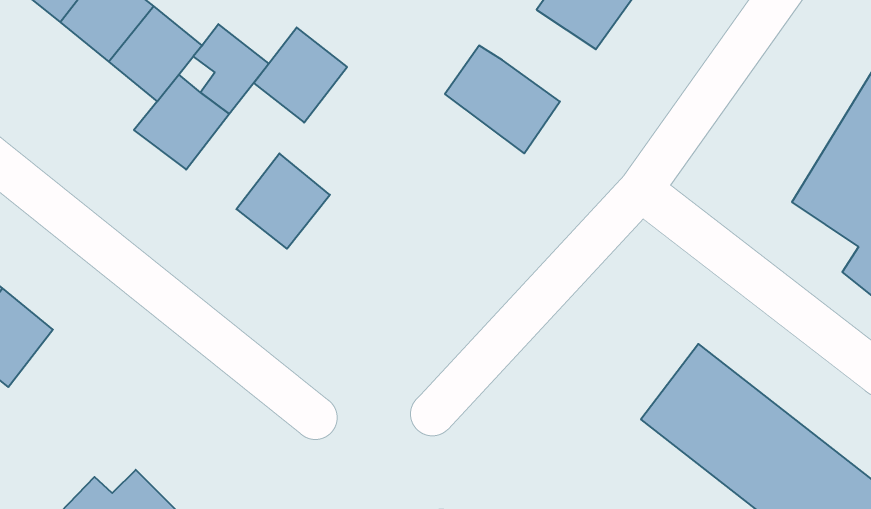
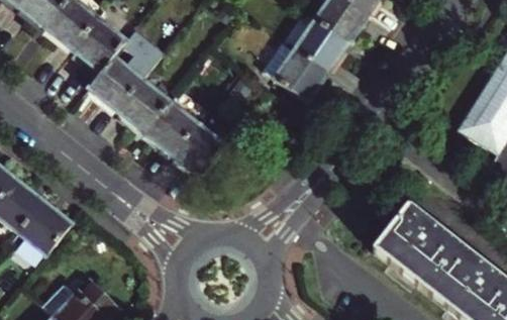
building: none -> [295,19,347,71]
building: [254,27,347,123] -> [117,78,170,131]
building: none -> [174,123,224,175]
building: none -> [17,199,72,254]

